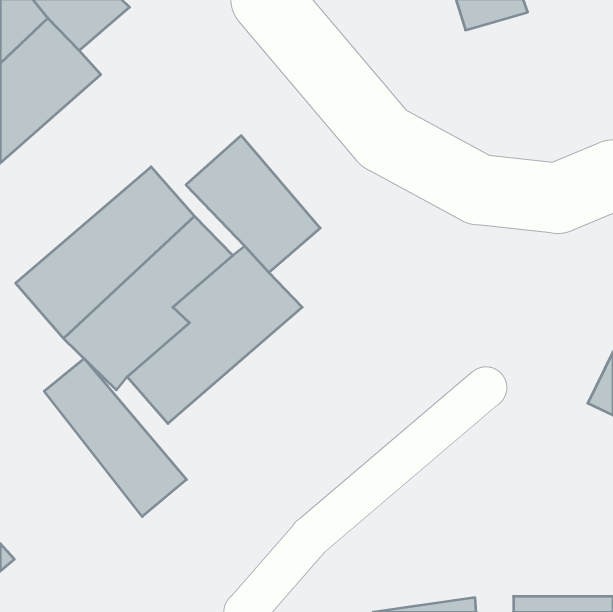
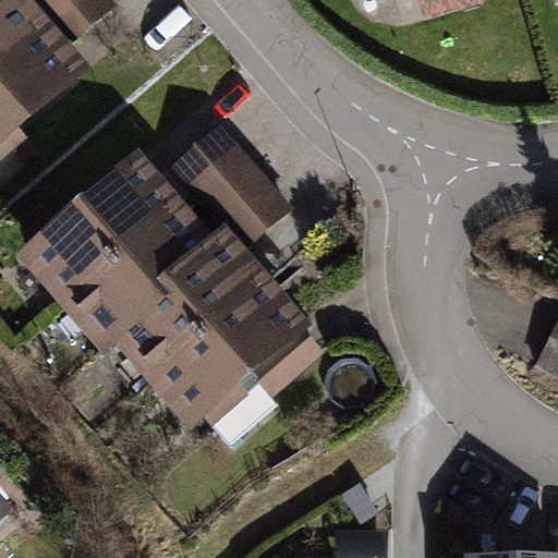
building: none -> [153,279,317,436]
building: [44,358,187,517] -> none

